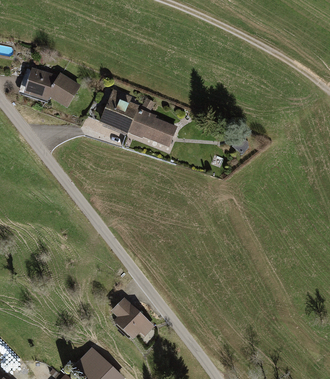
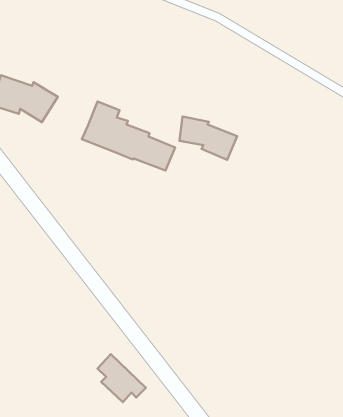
building: none -> [180,116,237,160]

